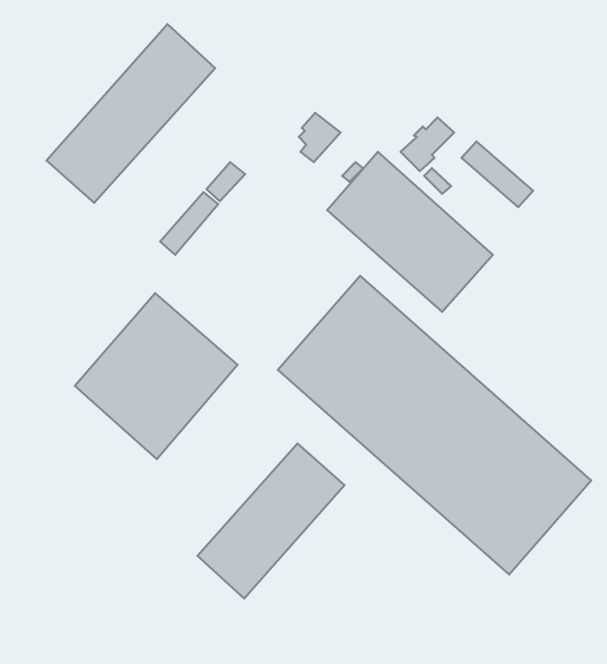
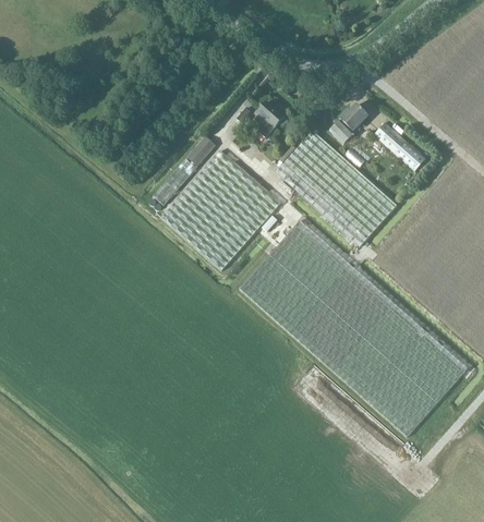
building: [47,24,215,203] -> none
building: [75,293,237,459] -> [161,149,280,270]
building: [197,444,344,599] -> none

